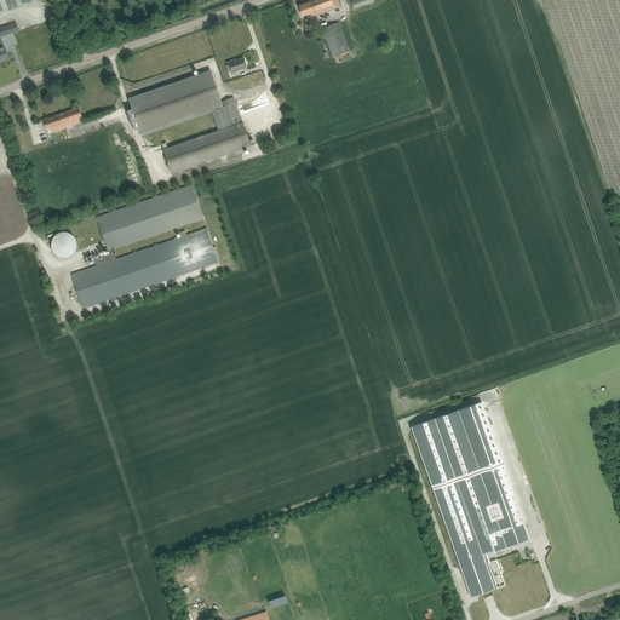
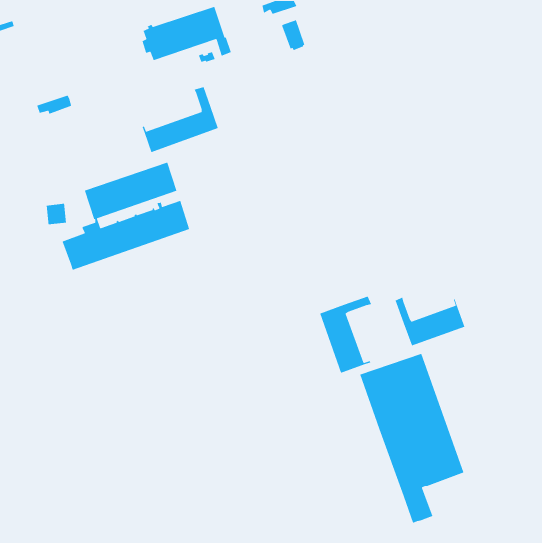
building: [126,71,229,134] -> [141,6,232,61]
building: none -> [319,295,372,374]
building: none -> [395,297,466,347]

